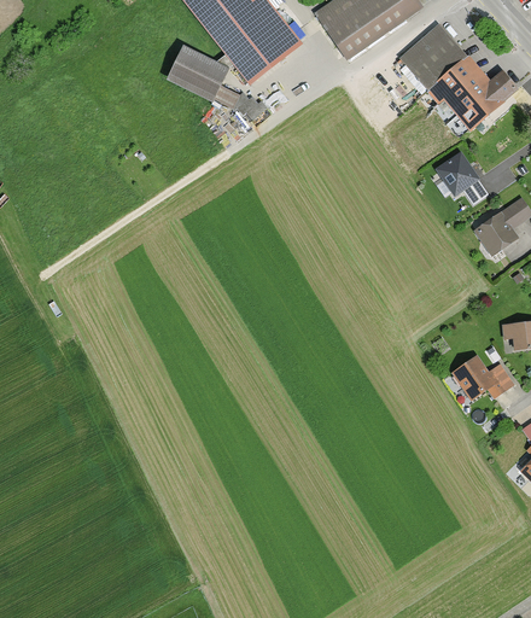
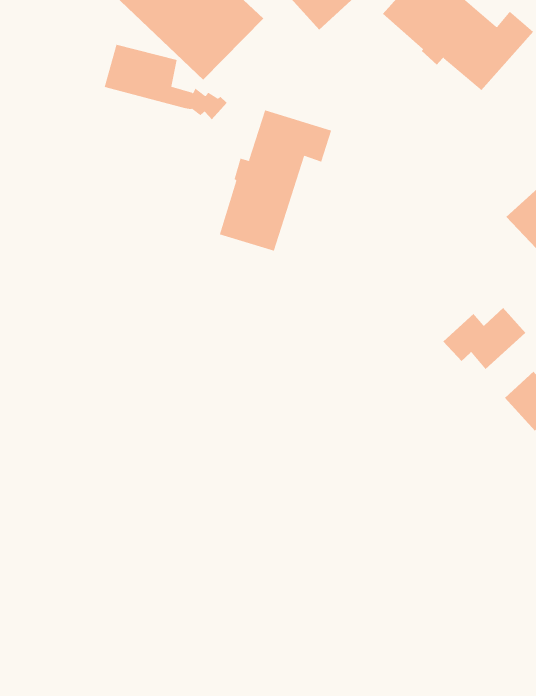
building: none -> [219,109,332,252]
building: [436,142,488,199] -> none
building: none -> [442,307,526,370]

